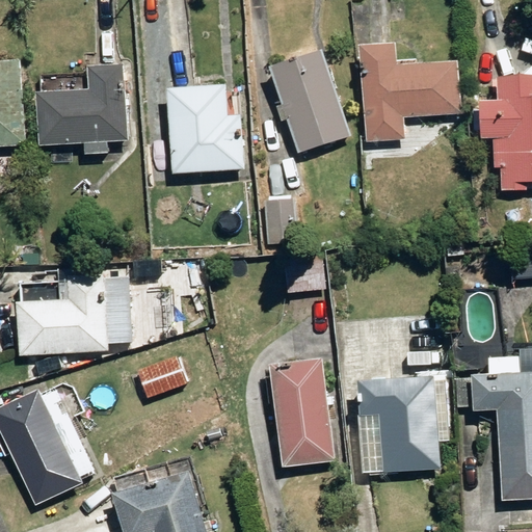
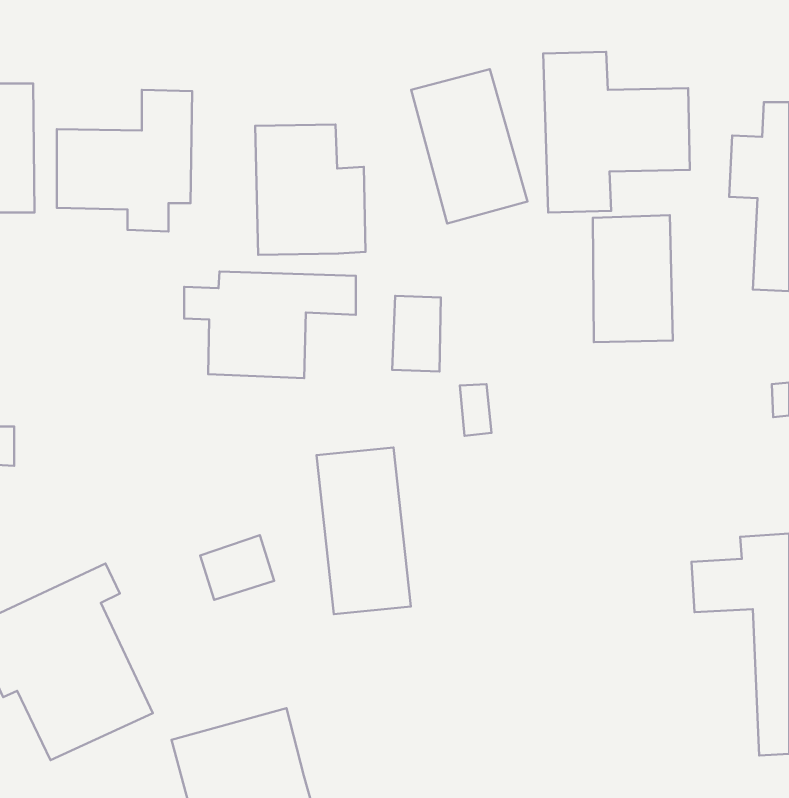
building: none -> [593,215,673,342]
building: none -> [184,271,356,378]
building: [19,274,130,353] -> none
building: [273,357,336,468] -> [316,447,411,614]
building: [360,376,446,474] -> none

